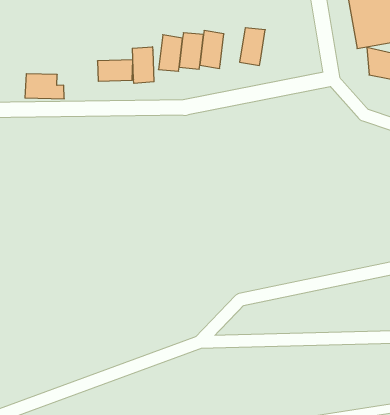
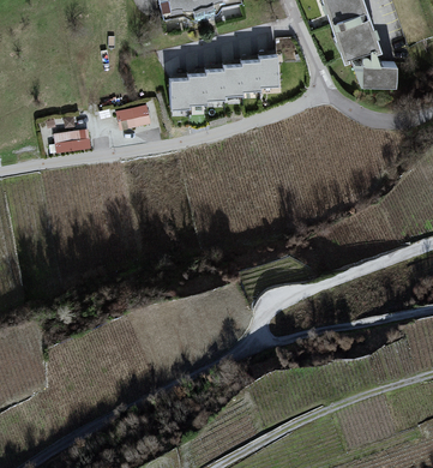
building: none -> [260,55,278,88]
building: none -> [224,65,243,97]
building: [132,47,154,83] -> none

